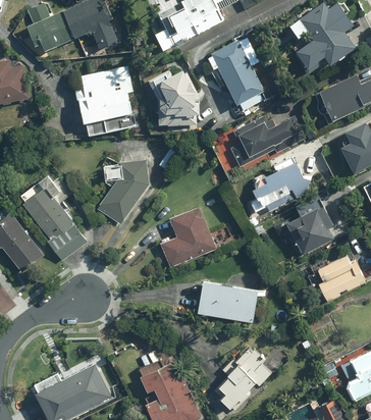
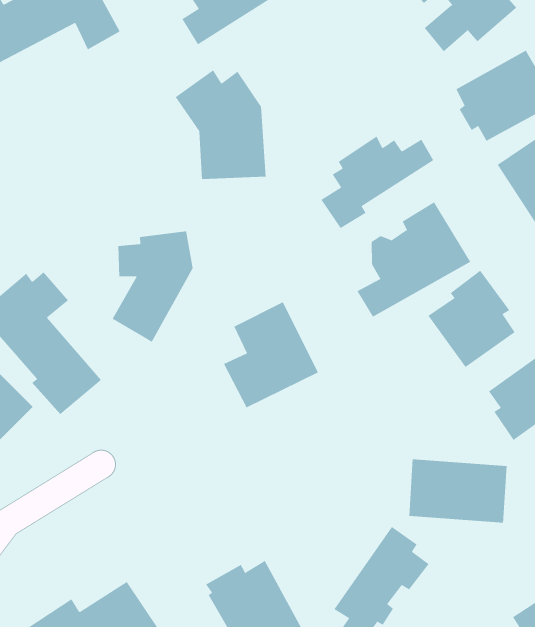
building: [208,37,265,109] -> none
building: [75,65,137,135] -> none
building: [197,279,258,322] -> [408,459,507,523]

